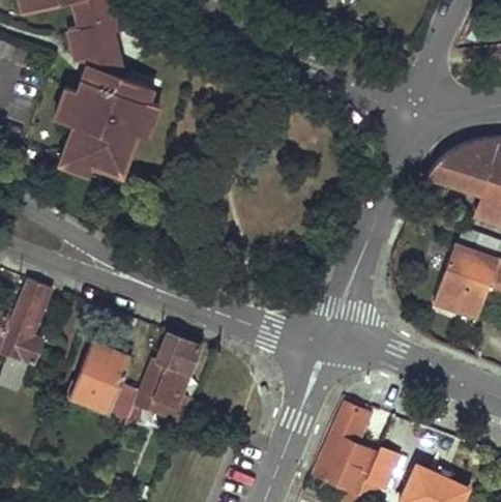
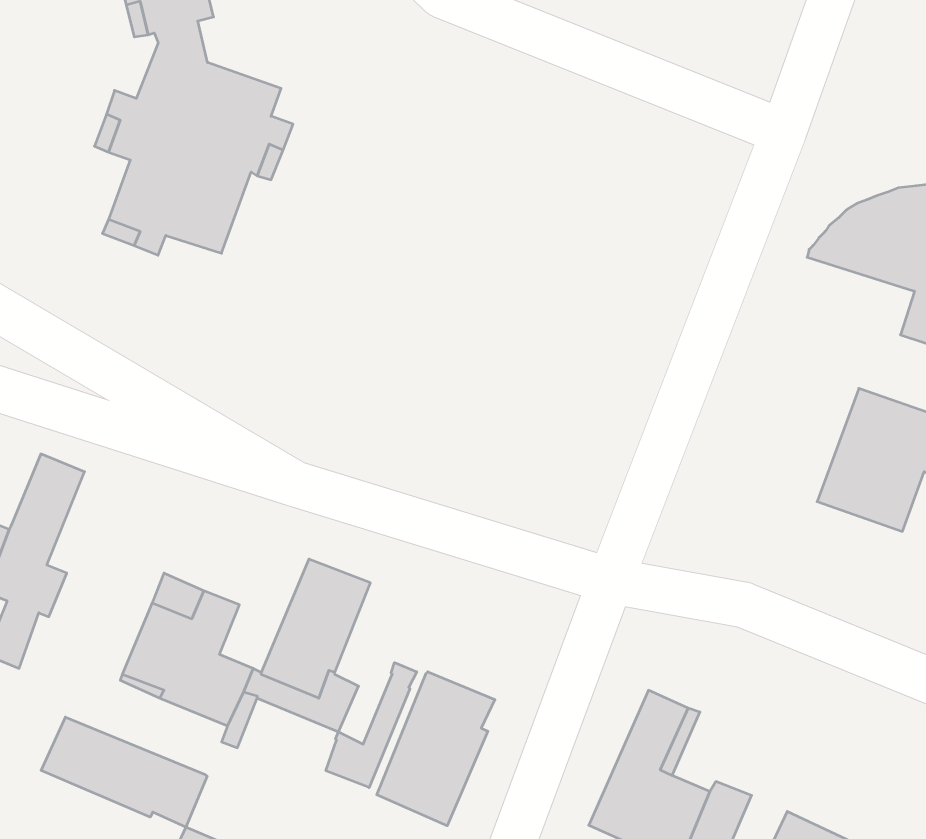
building: none -> [326,663,417,788]
building: none -> [377,672,495,826]
building: none -> [41,717,207,827]

